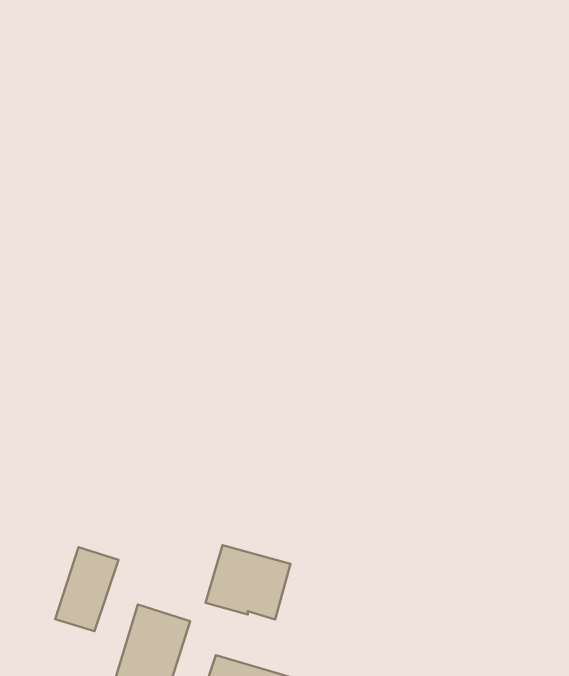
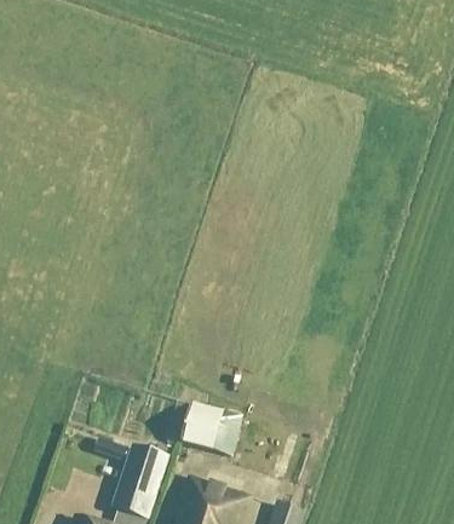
building: [55,547,119,631] -> none

